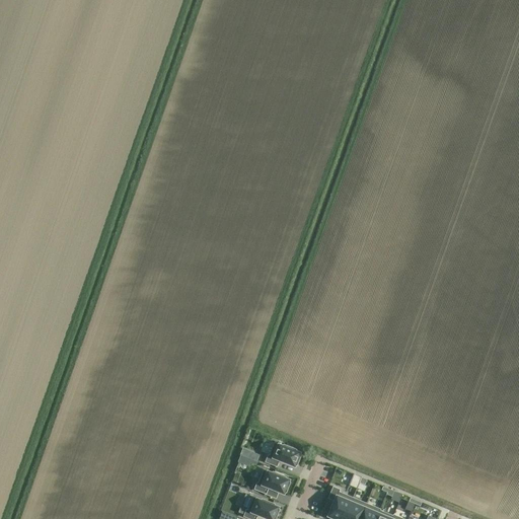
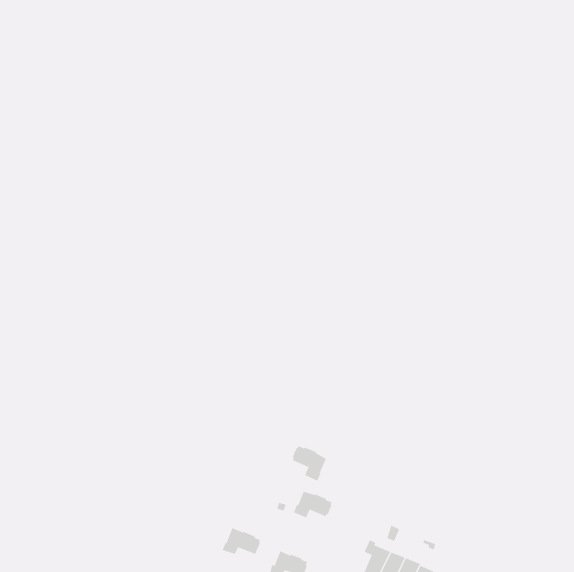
building: none -> [292,445,326,481]
building: [253,471,289,496] -> [222,528,261,555]

